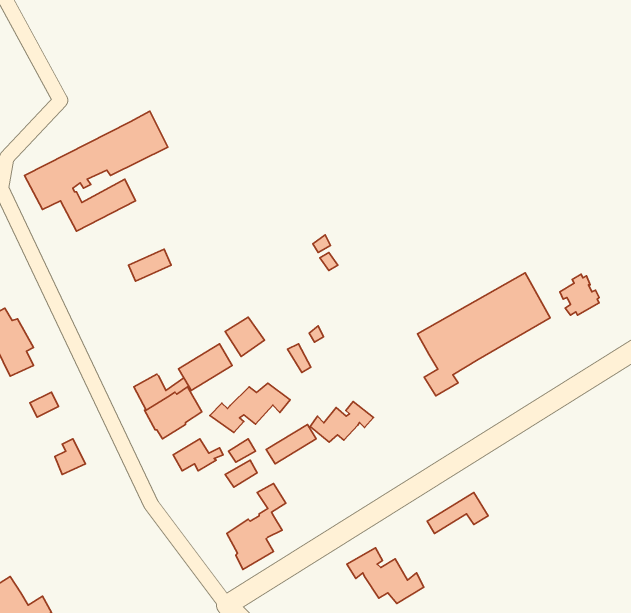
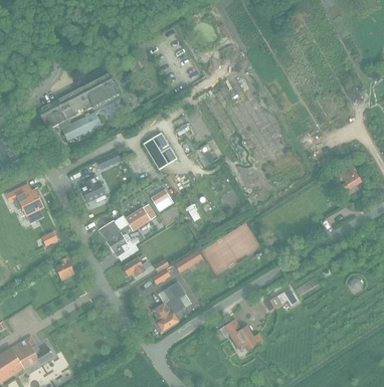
building: none -> [143,133,177,170]
building: [418,273,550,396] -> none
building: none -> [81,178,106,202]
building: [210,383,290,433] -> none
building: [310,402,373,442] -> none

